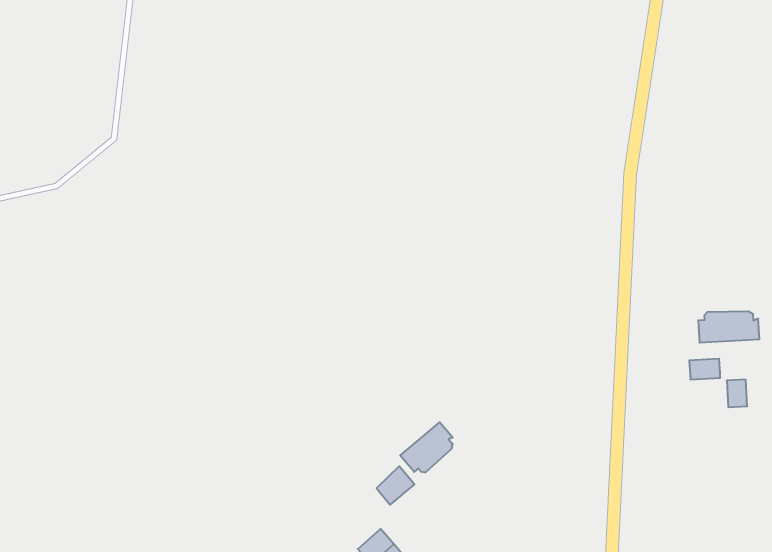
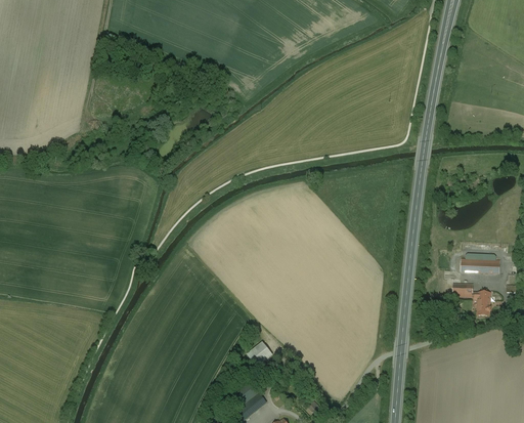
building: [400,422,453,473] -> none

